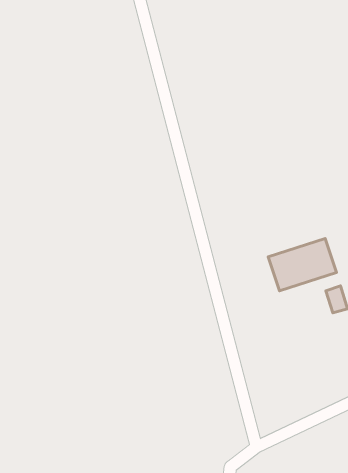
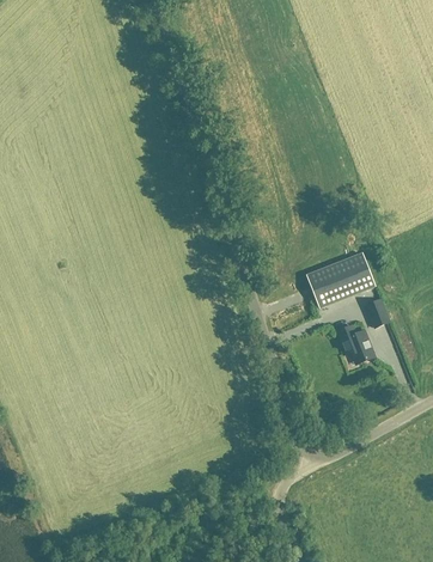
building: none -> [339,324,374,362]

